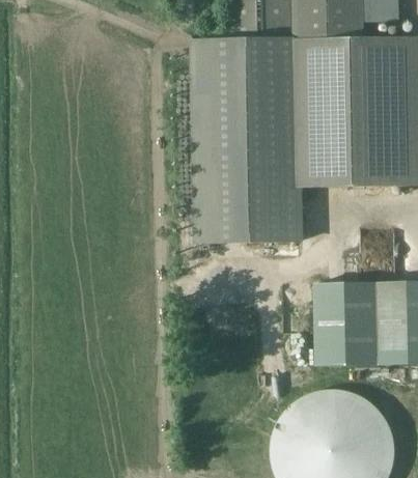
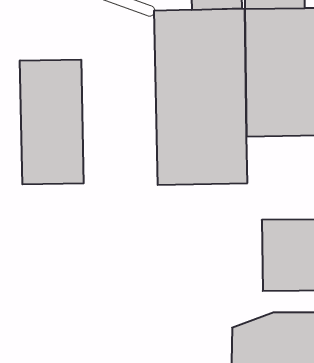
building: none -> [20,60,84,184]

